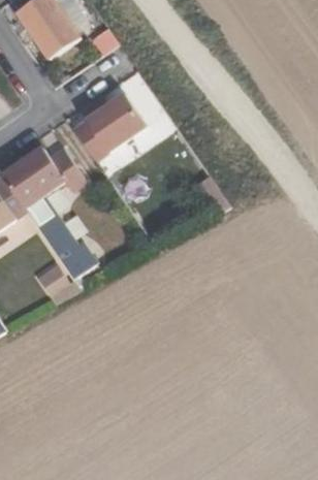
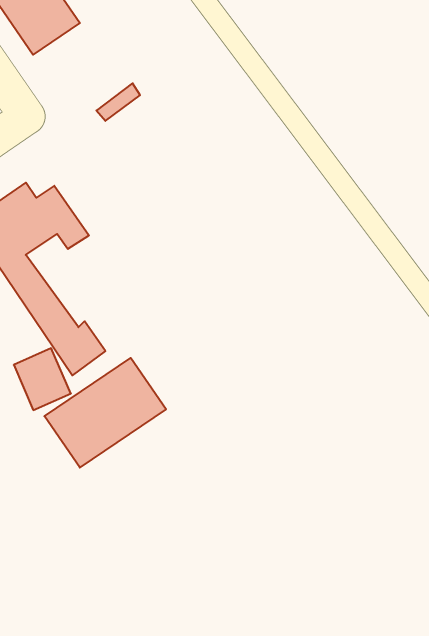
building: [70,95,144,162] -> none
building: none -> [44,358,166,468]

